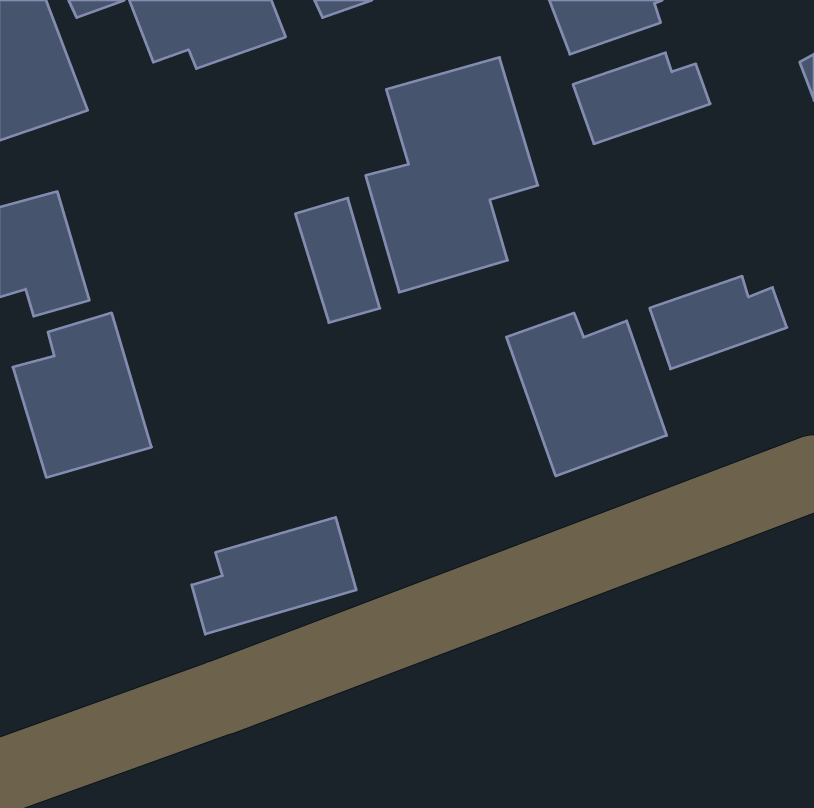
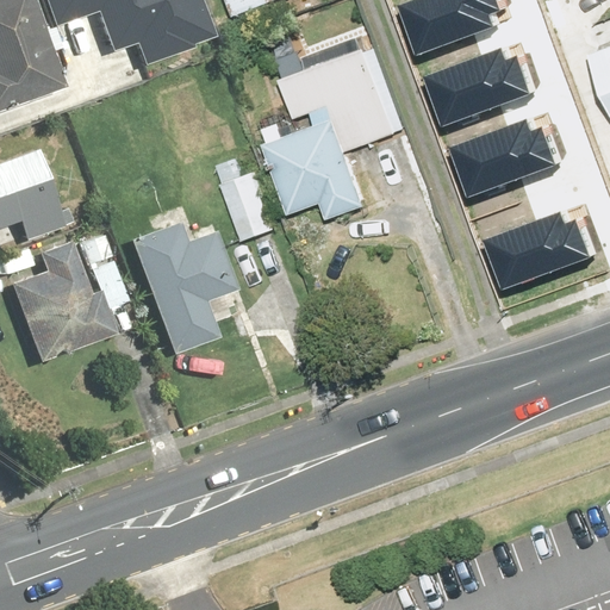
building: none -> [455,119,558,188]
building: none -> [129,216,251,362]
building: [506,313,667,476] -> none
building: [192,517,356,634] -> none

